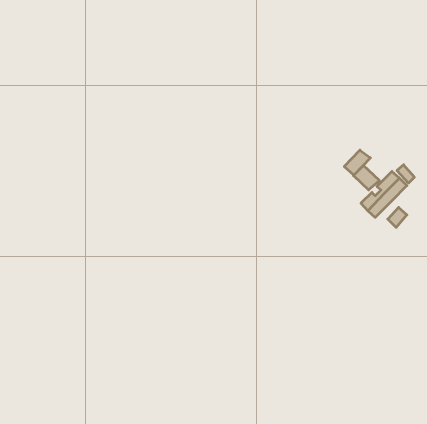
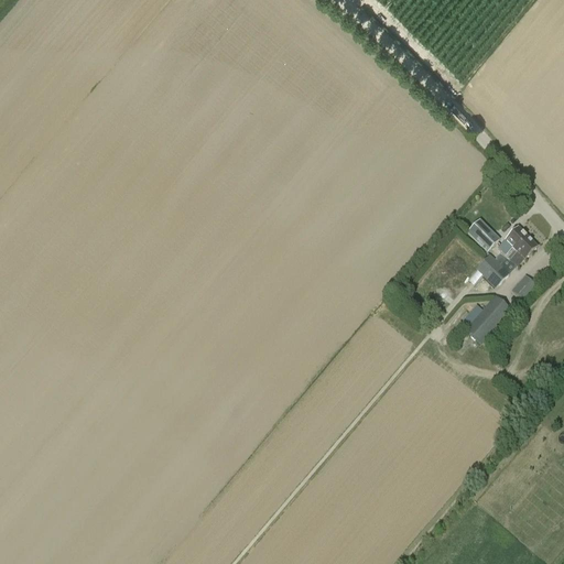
building: [344,150,370,175] -> none
building: none -> [465,295,510,341]

